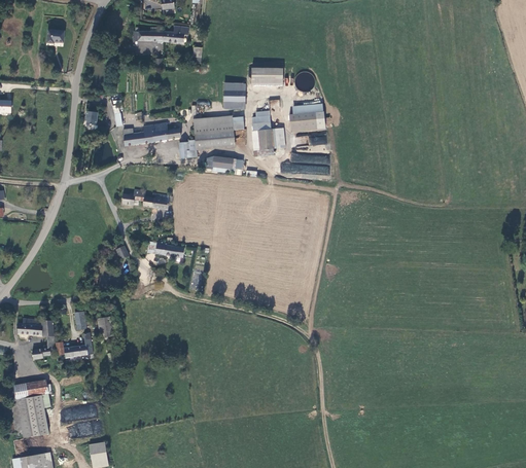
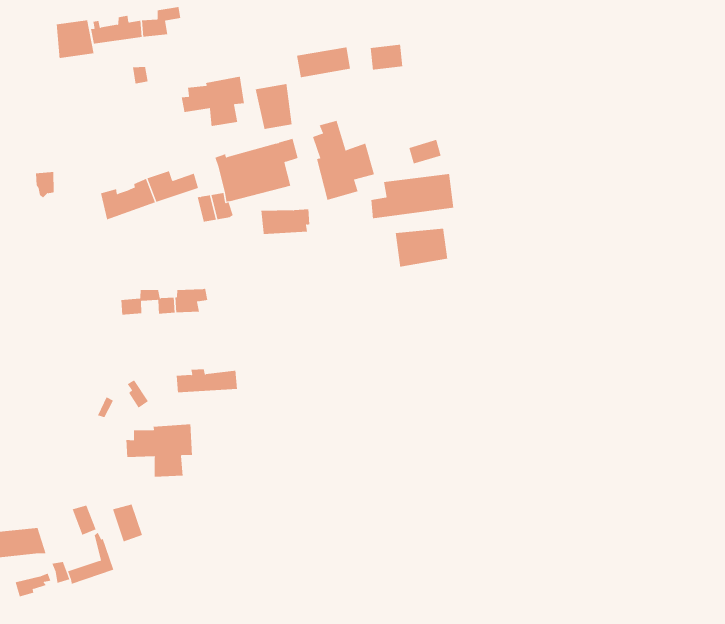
building: none -> [56,20,94,59]
building: none -> [181,76,245,127]
building: [290,103,325,128] -> none
building: none -> [395,228,448,268]
building: none -> [126,424,192,477]

